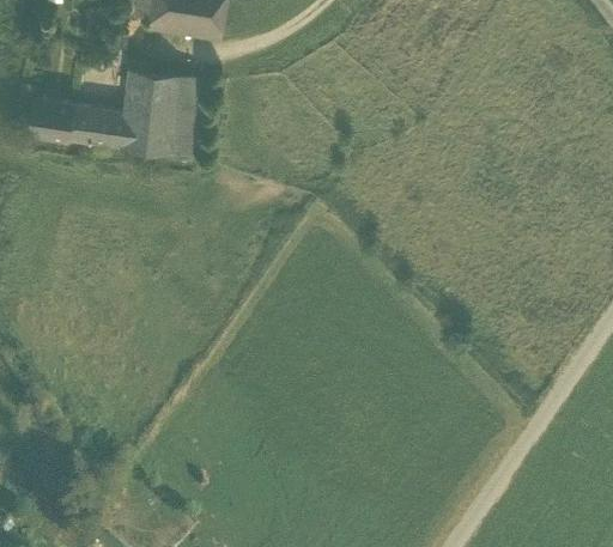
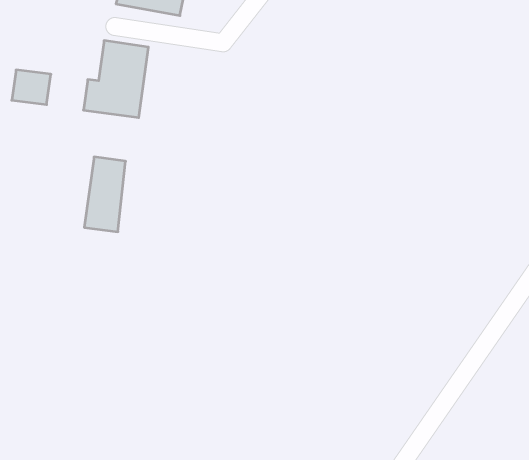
building: [163,75,208,158] -> [84,157,126,232]
building: [61,105,107,145] -> none

